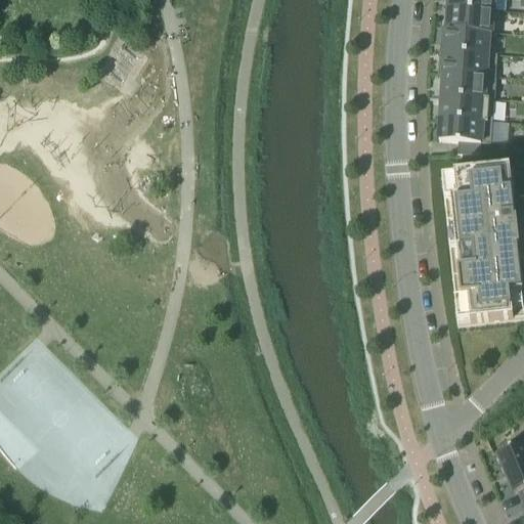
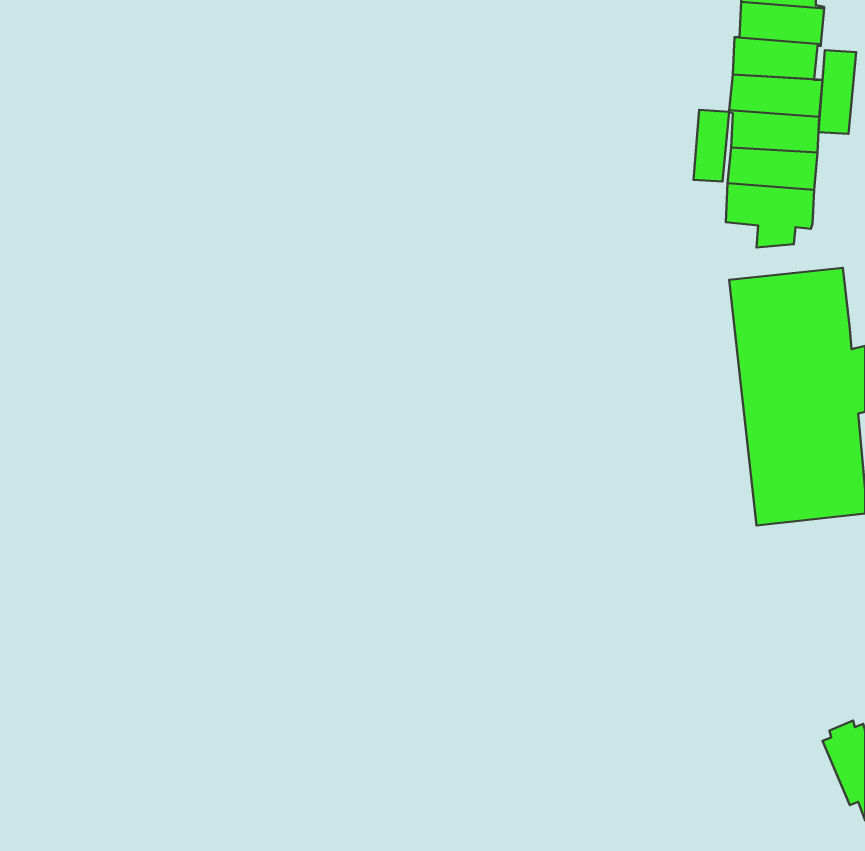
building: none -> [819,50,856,134]
building: none -> [694,110,729,181]

